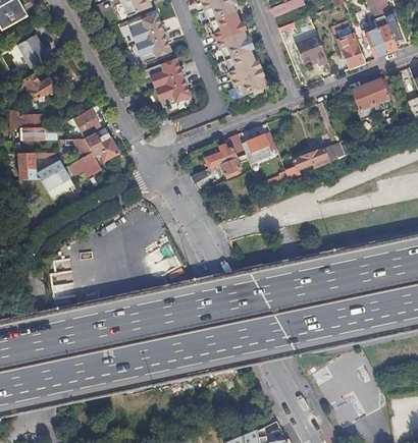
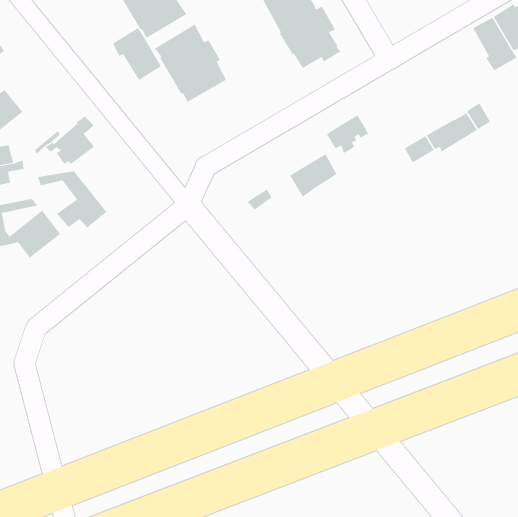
building: none -> [112,27,162,81]
building: [84,126,117,161] -> none
building: [207,134,245,167] -> none

